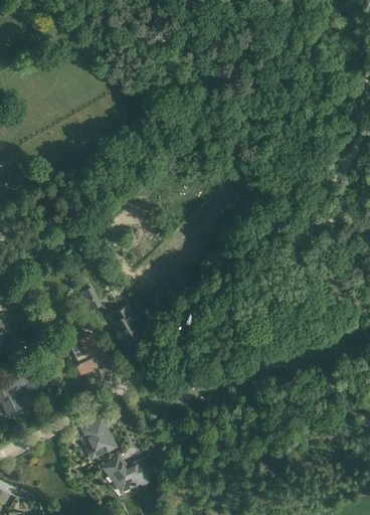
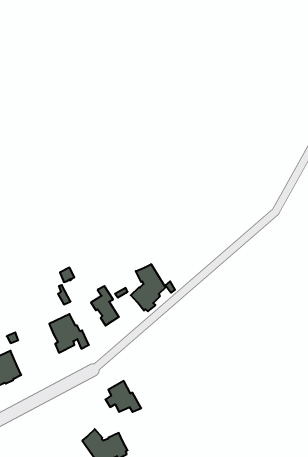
building: none -> [131,264,165,311]
building: [79,418,117,451] -> [105,381,141,412]

